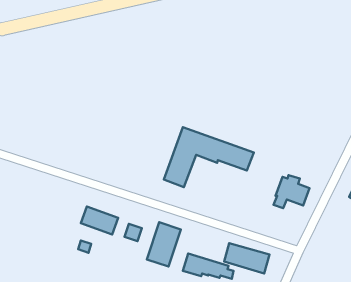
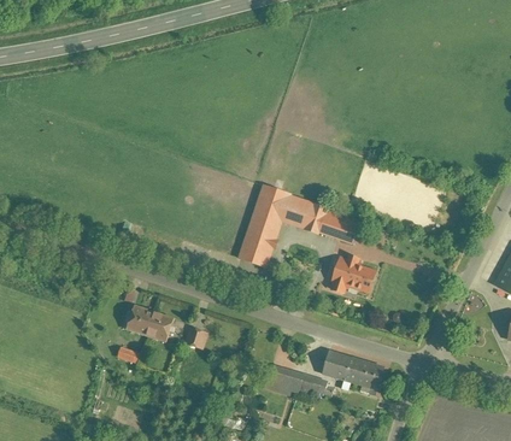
building: [274,175,309,208] -> [328,255,377,301]
building: [147,222,181,266] -> none

